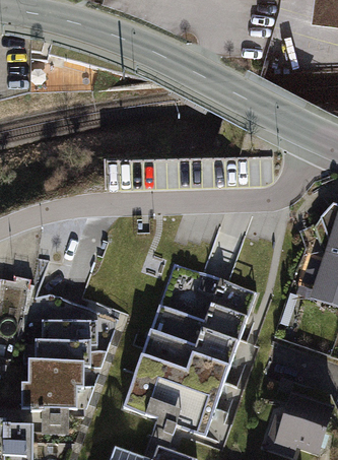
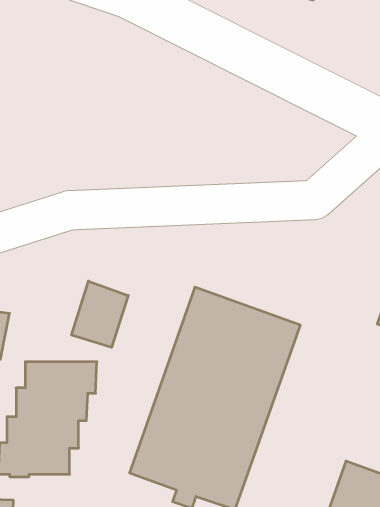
building: none -> [72,281,128,347]

